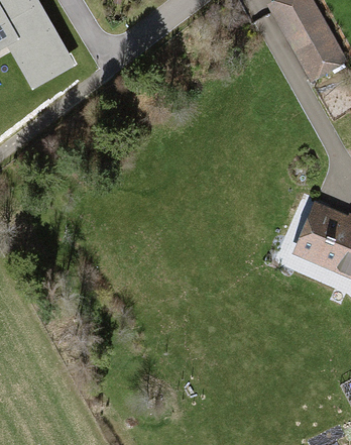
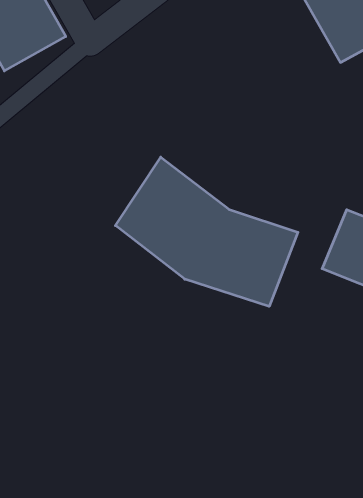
building: none -> [115,157,298,306]

